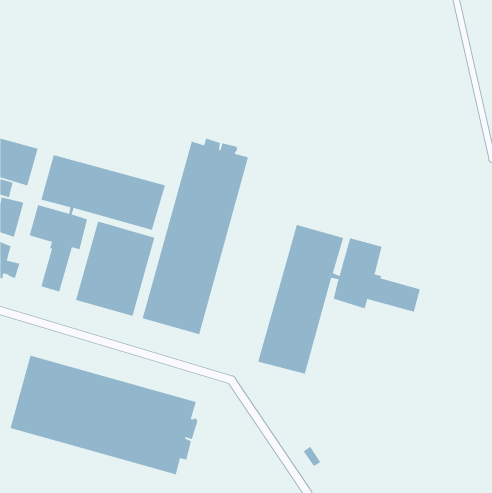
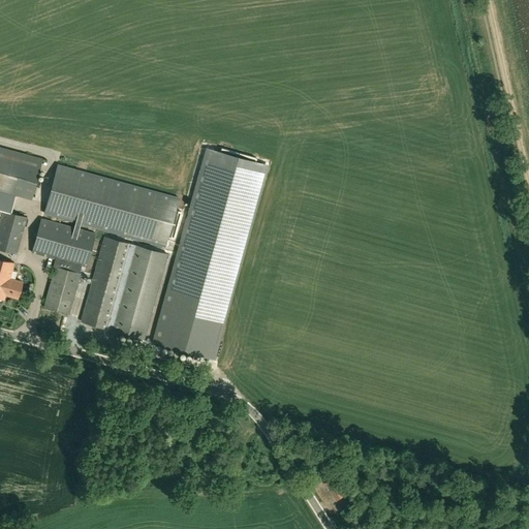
building: [257,224,420,374] -> none
building: [10,355,198,475] -> none

